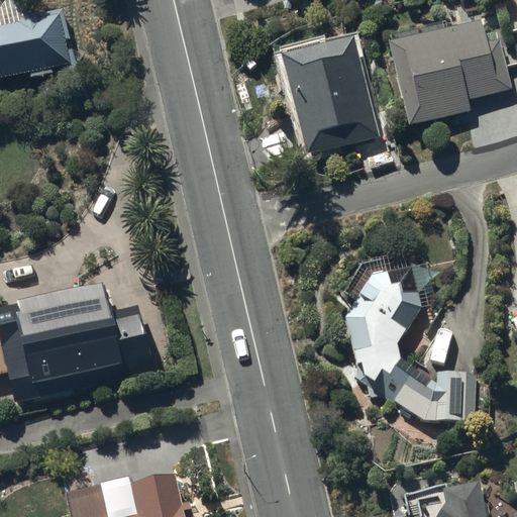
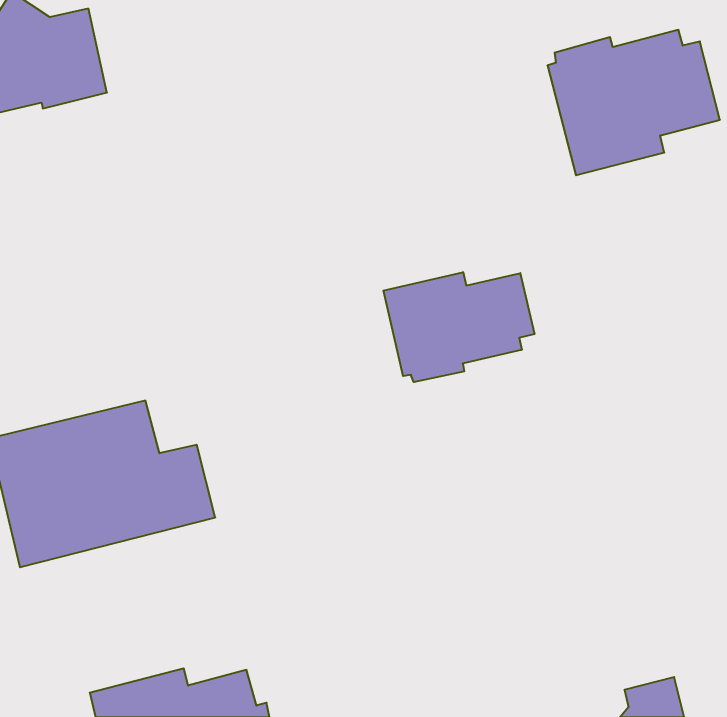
building: [281,32,379,154] -> none
building: none -> [383,272,535,382]
building: [344,247,476,418] -> none

